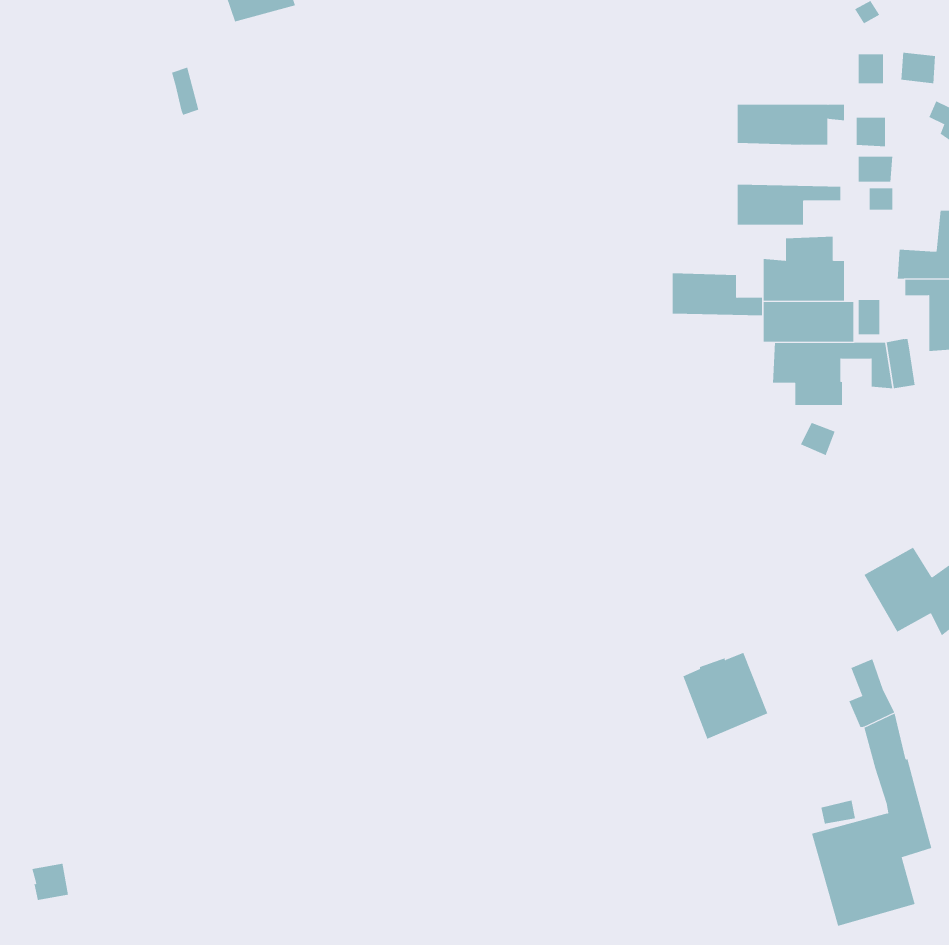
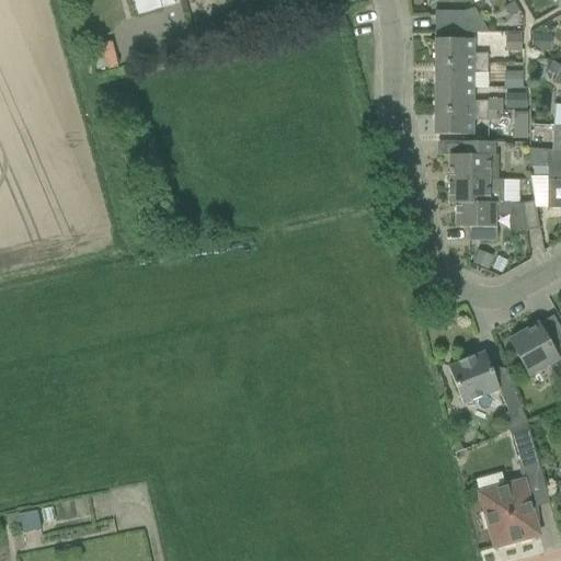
building: none -> [435,7,486,31]
building: none -> [435,36,489,61]
building: [672,273,763,316] -> [435,84,489,110]
building: [683,652,768,740] -> [449,351,500,402]

